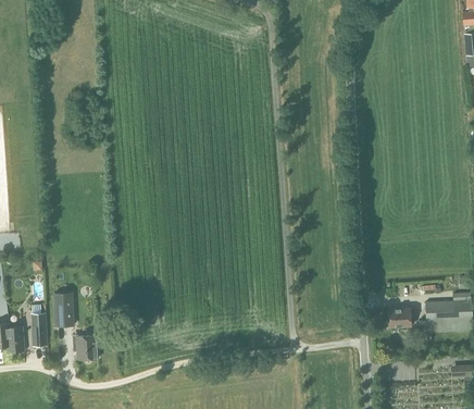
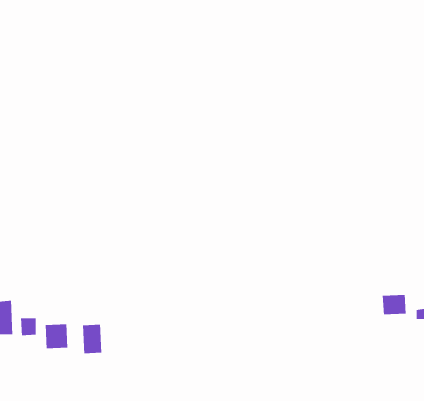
building: [52,289,74,322] -> none
building: none -> [82,324,102,354]

